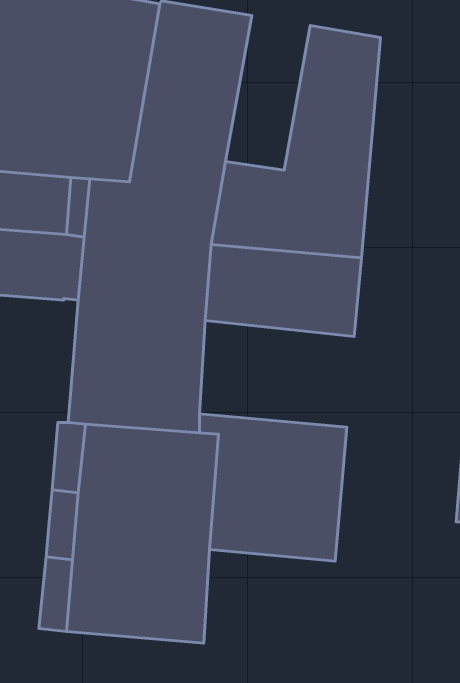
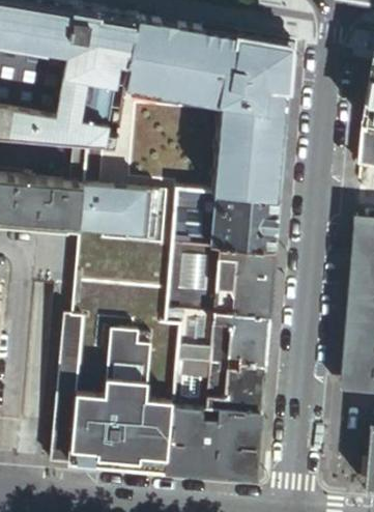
building: none -> [183,30,243,140]
building: none -> [165,247,275,322]
building: none -> [168,409,261,483]

